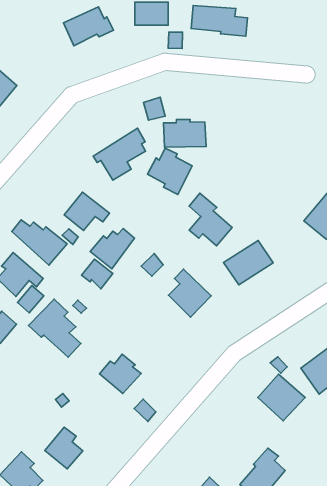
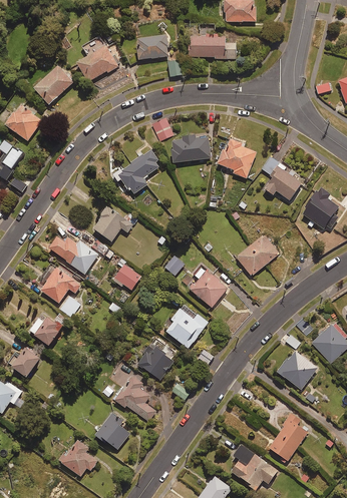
building: none -> [33,64,73,103]
building: [148,148,192,194] -> [218,138,256,177]
building: [189,193,232,246] -> [262,155,301,199]
building: [90,229,134,269] -> none
building: [28,299,81,357] -> [111,373,158,422]
building: none -> [165,304,208,348]

